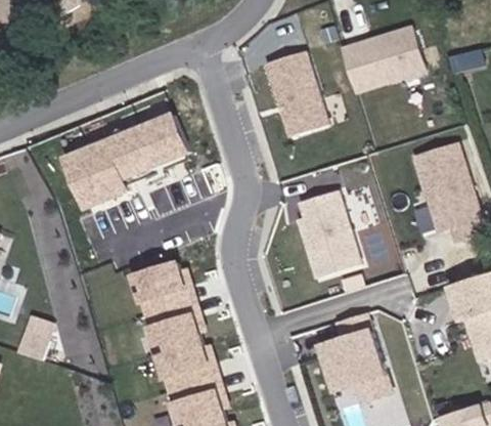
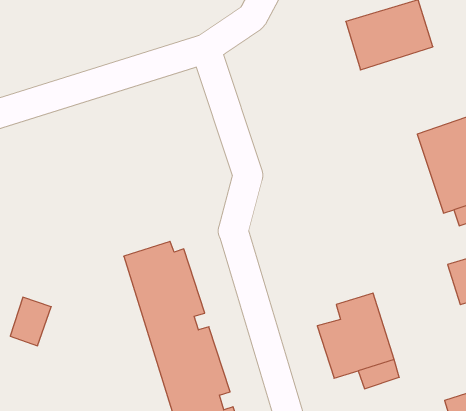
building: [262,48,330,139] -> none
building: [58,114,186,212] -> none
building: [291,189,363,282] -> none

